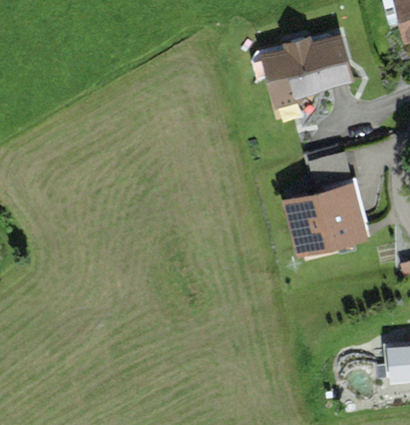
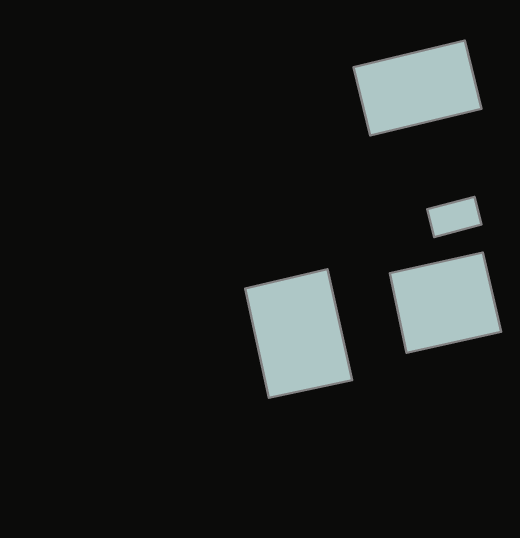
building: none -> [245,269,352,398]

